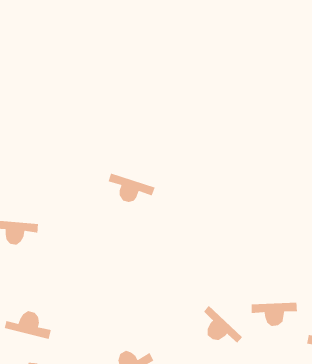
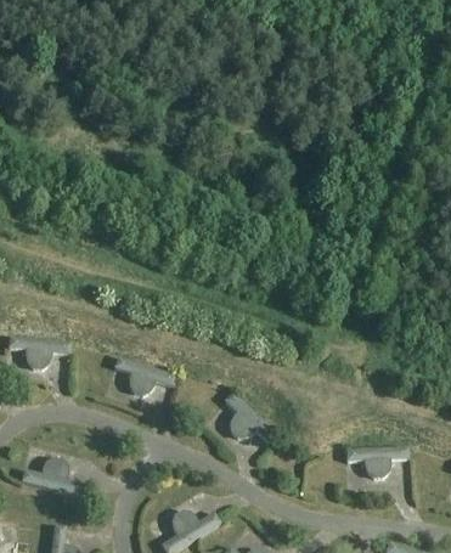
building: [108,172,156,203] -> [113,355,176,395]
building: [203,305,243,344] -> [224,391,276,442]

